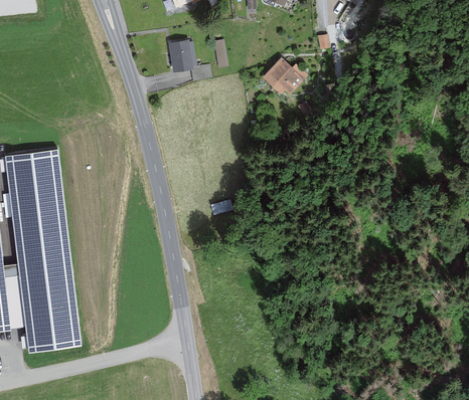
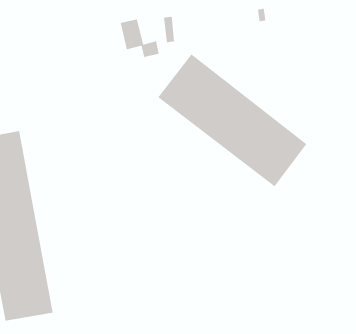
building: [262,57,304,97] -> none
building: none -> [158,54,307,187]

